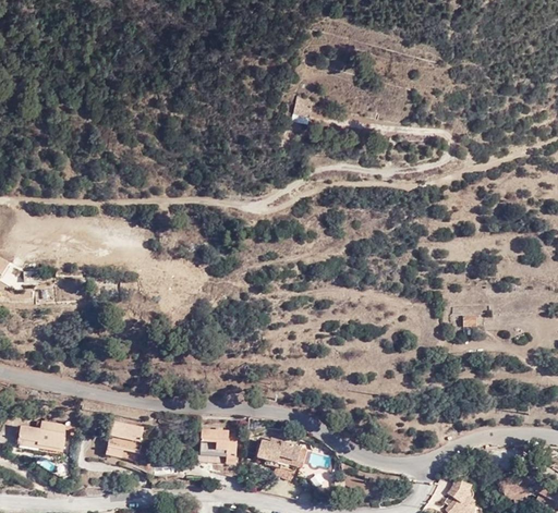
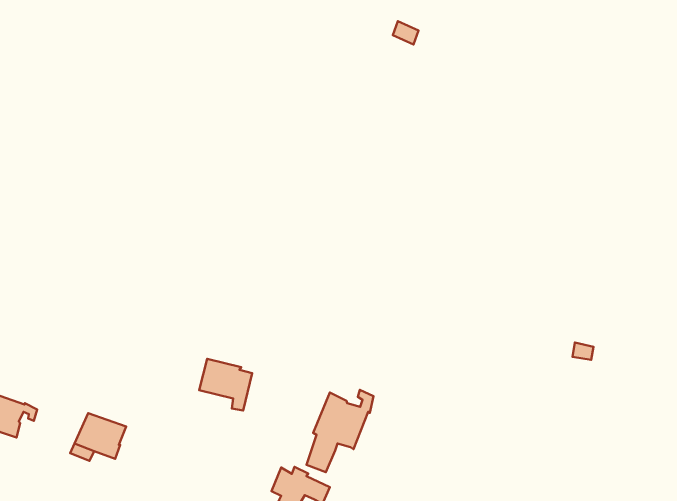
building: none -> [307,390,374,472]
building: [199,429,236,463] -> [199,359,252,410]

